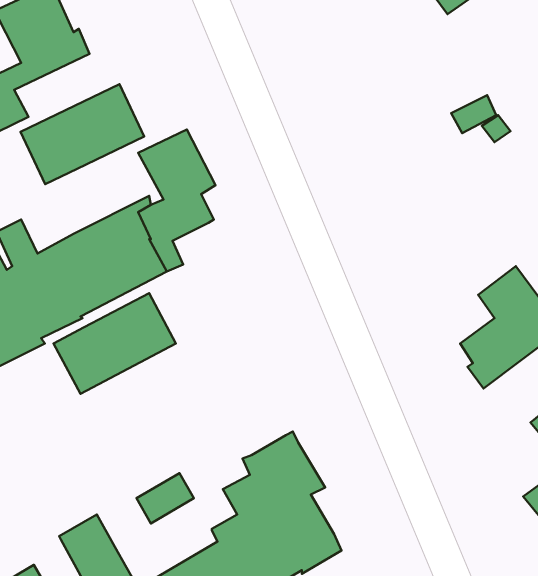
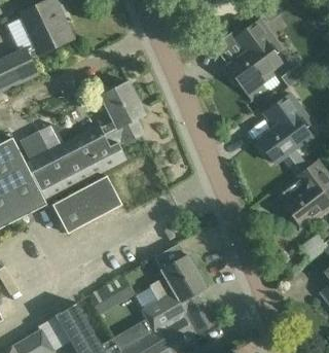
building: none -> [223,19,281,101]
building: [21,84,144,184] -> none
building: none -> [252,92,312,163]

